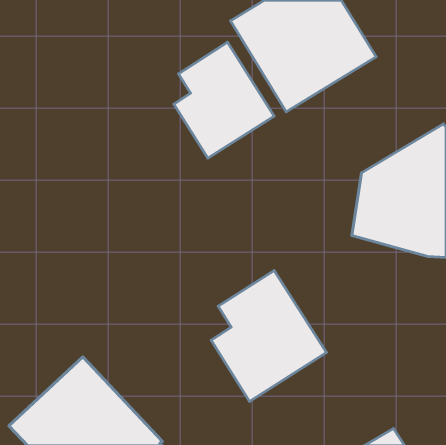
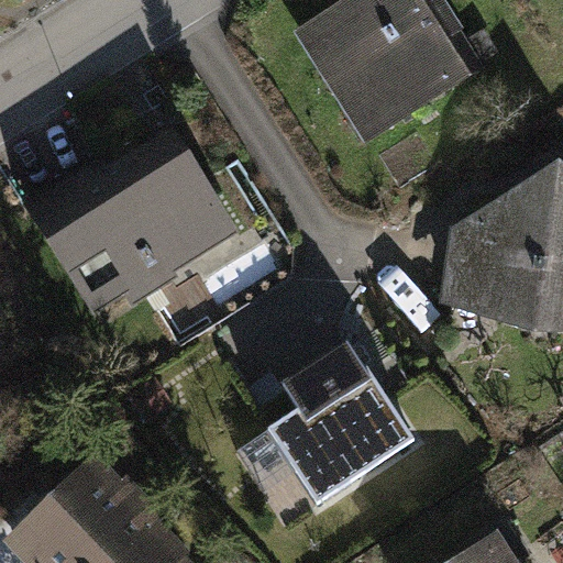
building: [174,42,274,158] -> none
building: none -> [32,122,249,318]

